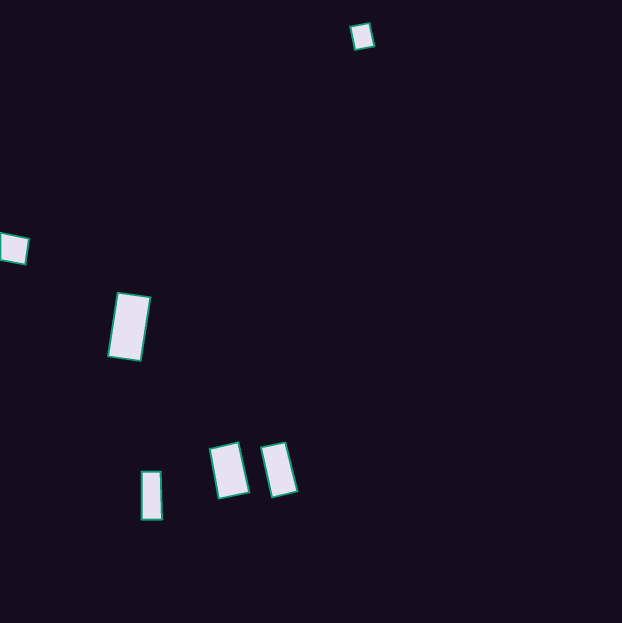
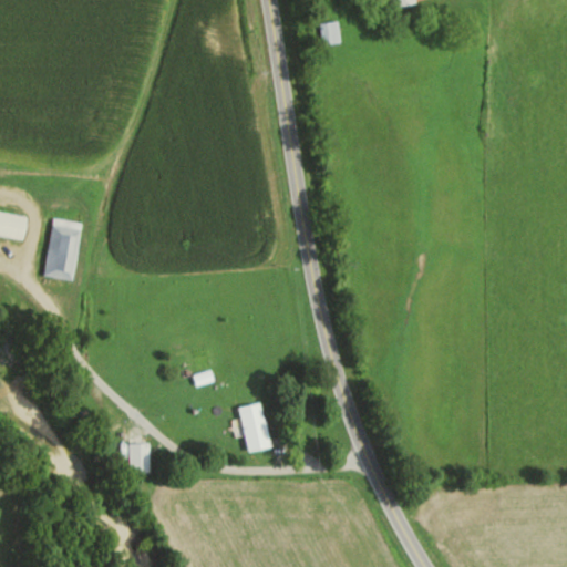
building: [108,293,151,361] -> [43,218,82,280]
building: [210,442,249,499] -> none

